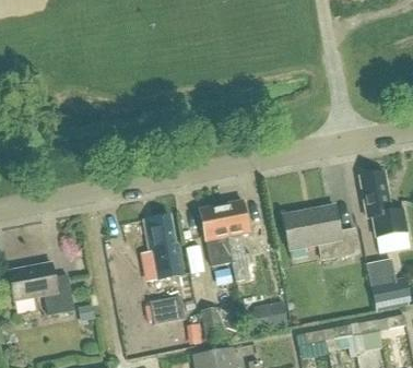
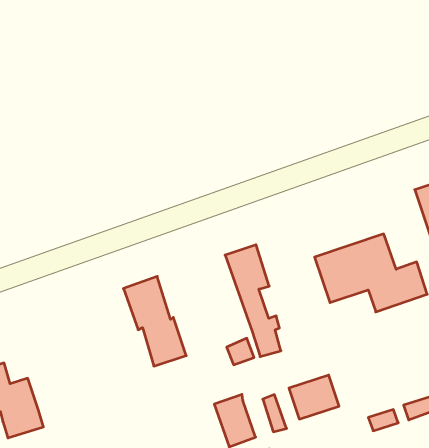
building: [199,205,232,265] -> none
building: [149,295,184,323] -> none

